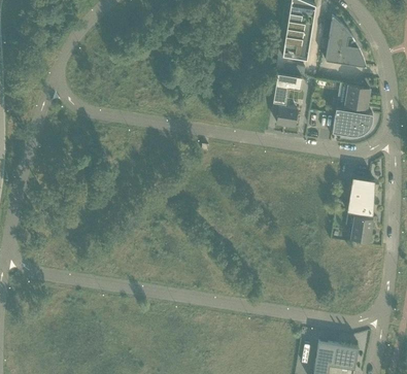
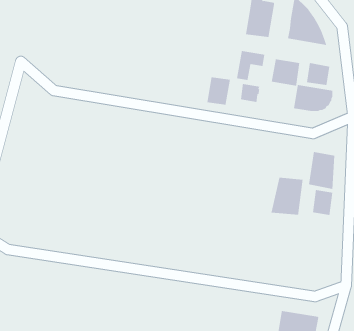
building: none -> [271,59,300,87]
building: none -> [207,77,230,105]
building: none -> [271,177,303,215]

